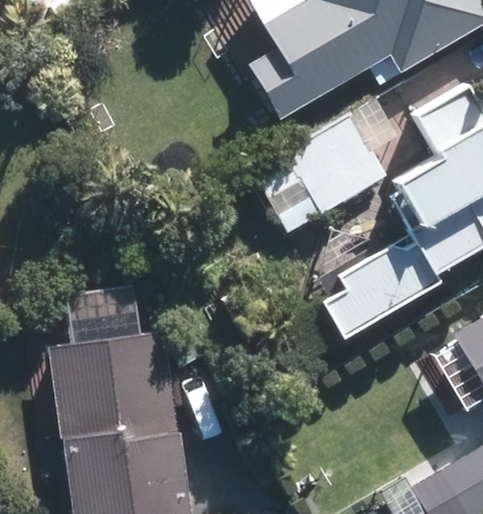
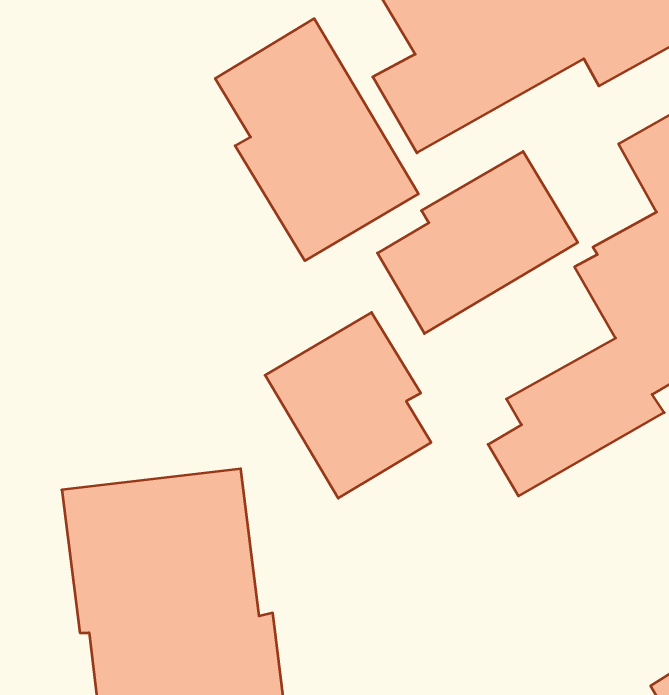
building: none -> [215,19,418,261]
building: none -> [265,312,431,498]

